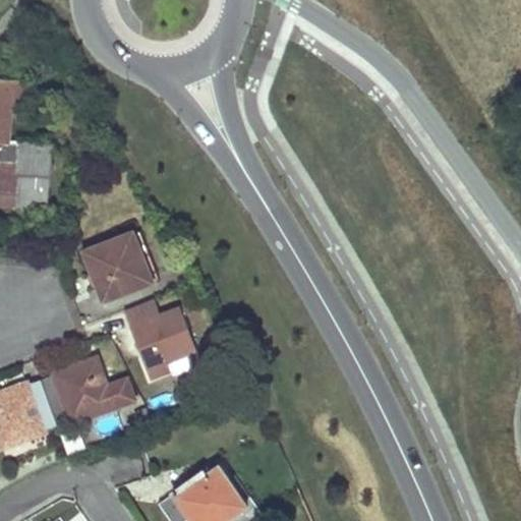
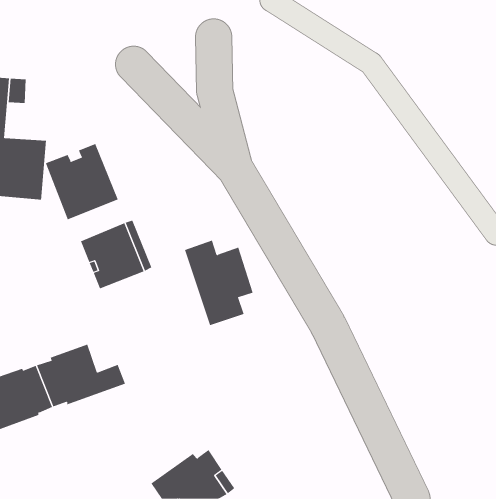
building: none -> [45,143,119,220]
building: [124,298,196,388] -> [184,240,253,326]

